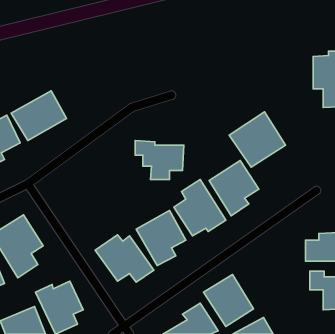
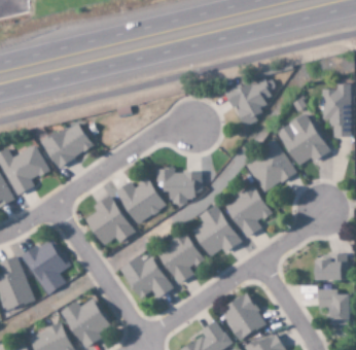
building: none -> [228,75,277,127]
building: none -> [278,114,328,168]
building: none -> [115,177,167,224]
building: none -> [85,195,136,246]

